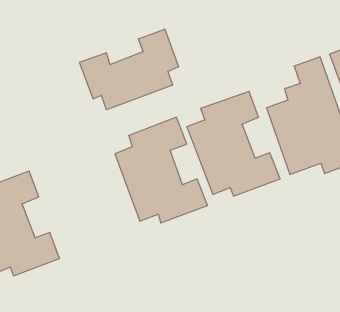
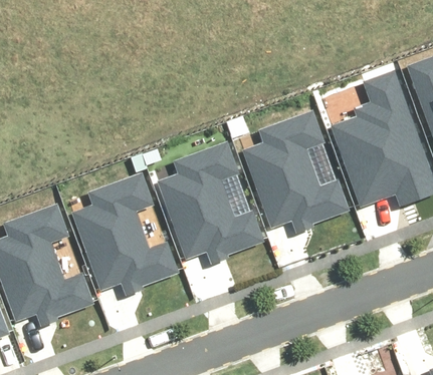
building: [80,29,178,110] -> none
building: none -> [72,171,180,294]

